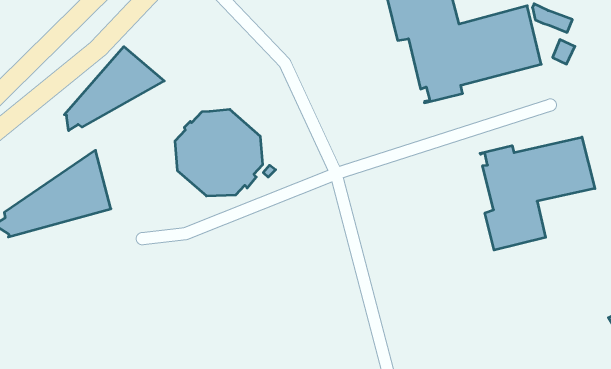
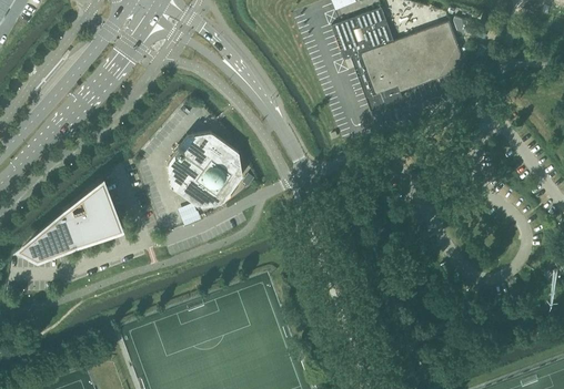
building: [64,47,164,131] -> none
building: [480,137,595,250] -> none

